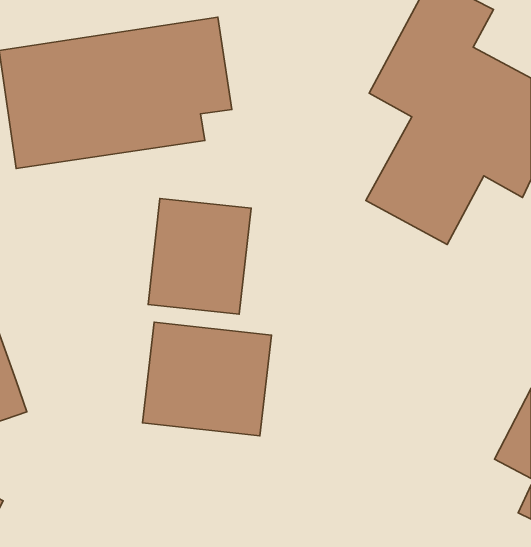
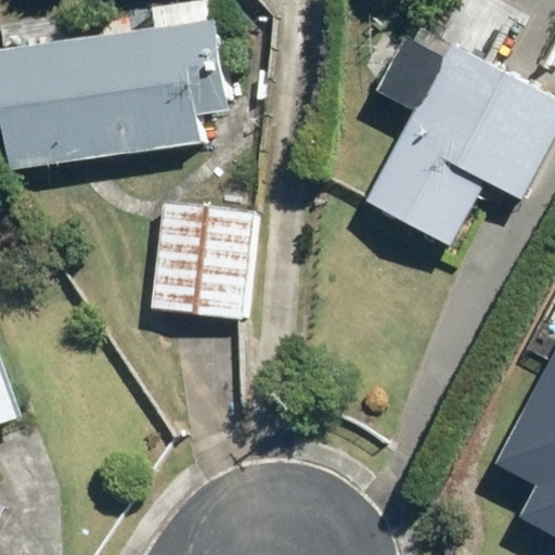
building: [143,322,272,436] -> none

